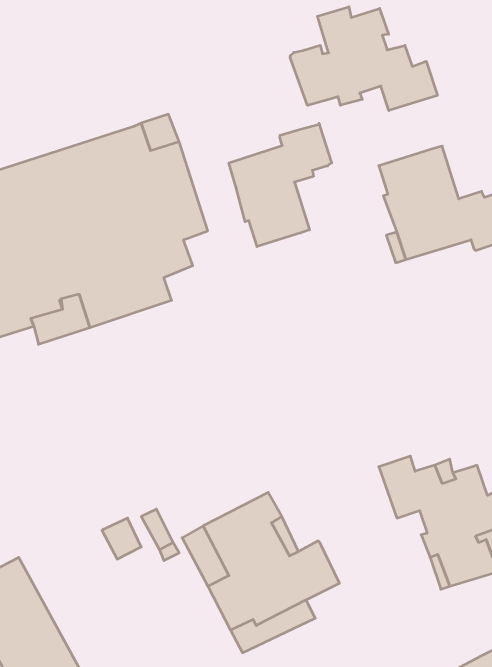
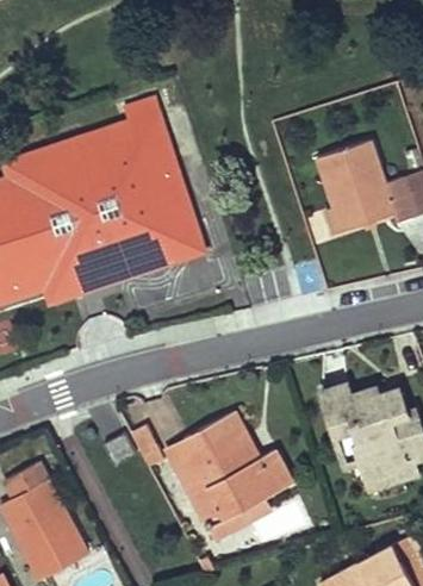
building: [290,7,437,111] -> none
building: [229,123,332,247] -> none
building: none -> [153,207,200,262]

